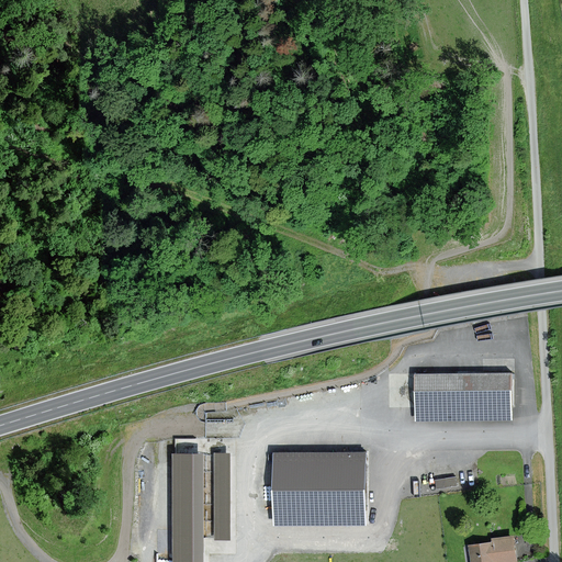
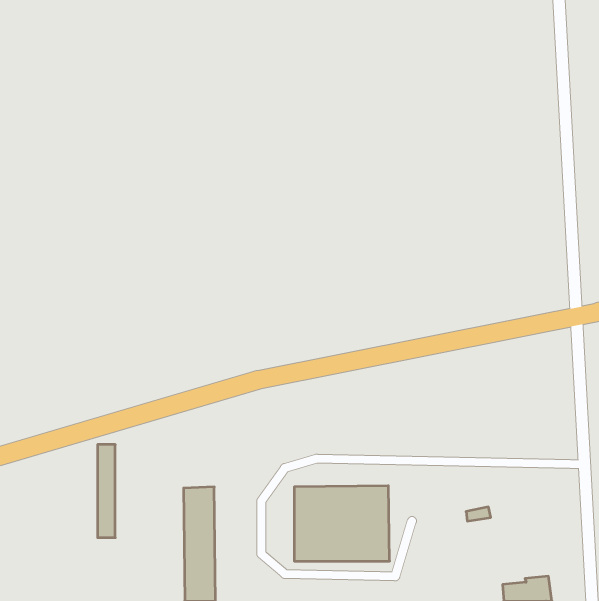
building: [415,375,509,418] -> none
building: [213,453,229,540] -> [98,445,115,538]

